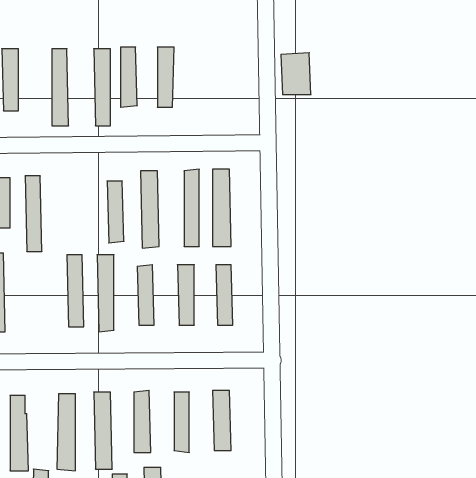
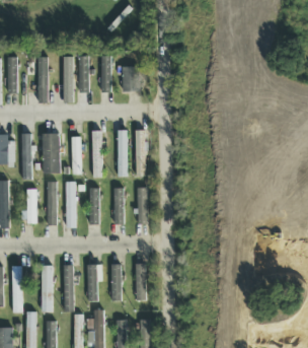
building: [281,53,311,95] -> [122,65,140,90]
building: none -> [42,132,60,172]
building: none -> [21,188,36,221]

